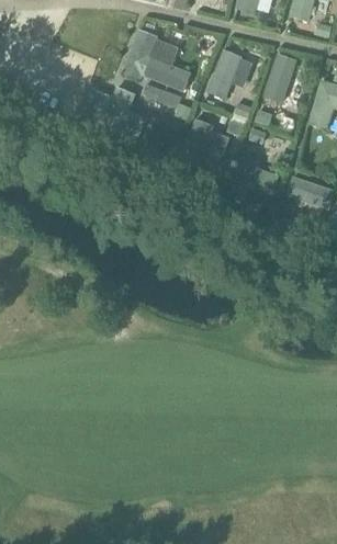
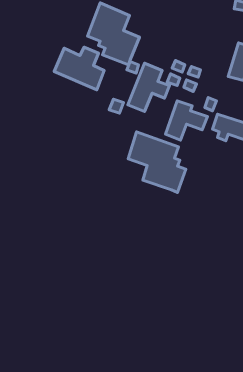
building: [206,48,245,99] -> none
building: [263,53,296,102] -> none
building: none -> [128,132,186,192]

